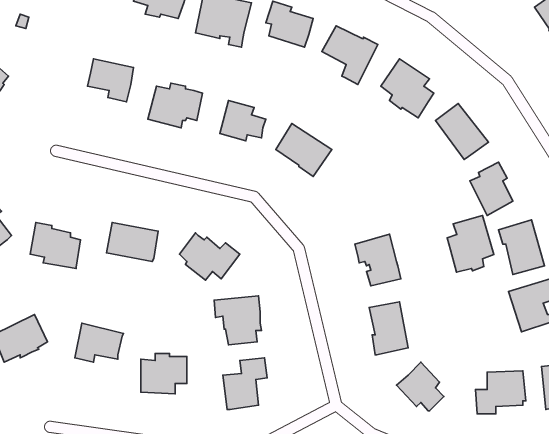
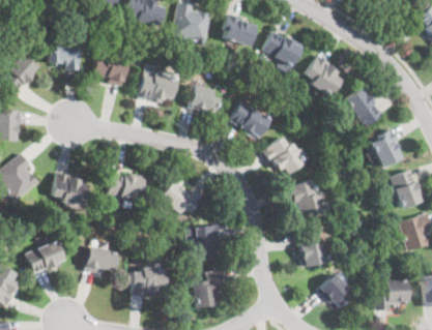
building: none -> [48,42,80,70]
building: none -> [262,137,301,174]
building: [447,216,494,272] -> none

